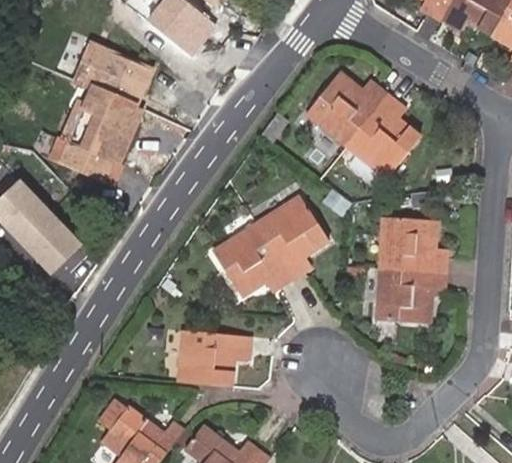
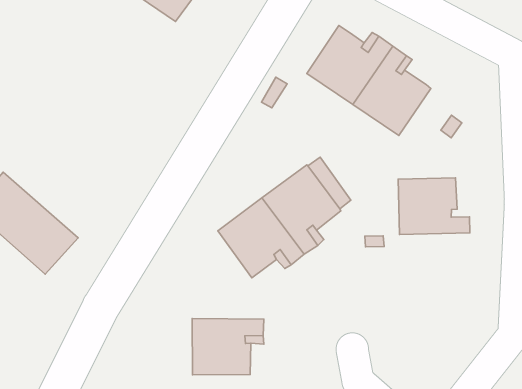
building: [53,45,150,182] -> none
building: [377,268,445,323] -> none

